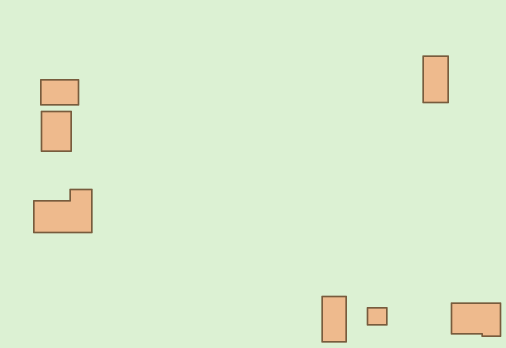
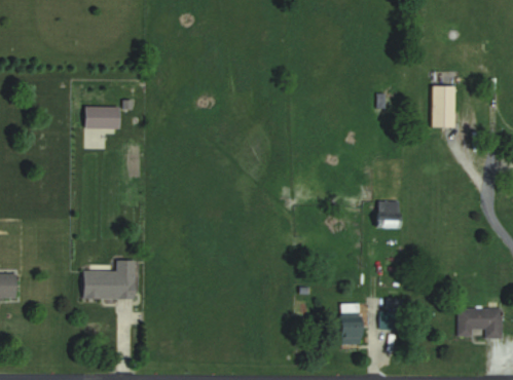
building: [41,111,71,151] -> none
building: none -> [377,200,401,228]
building: [34,189,92,232] -> [83,260,136,299]

